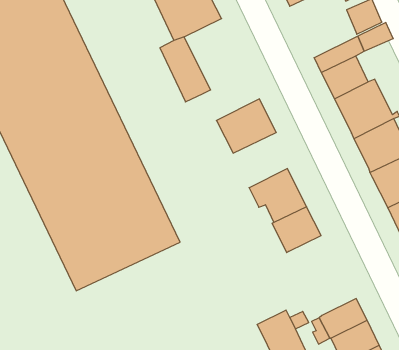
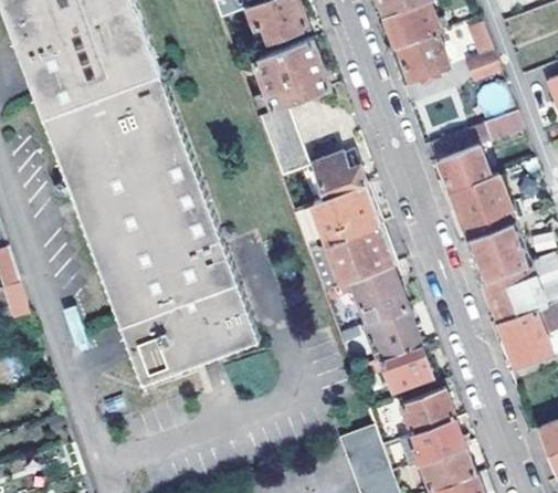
building: none -> [303,156,366,204]
building: none -> [308,224,396,293]
building: none -> [382,346,432,390]
building: none -> [401,389,454,437]

